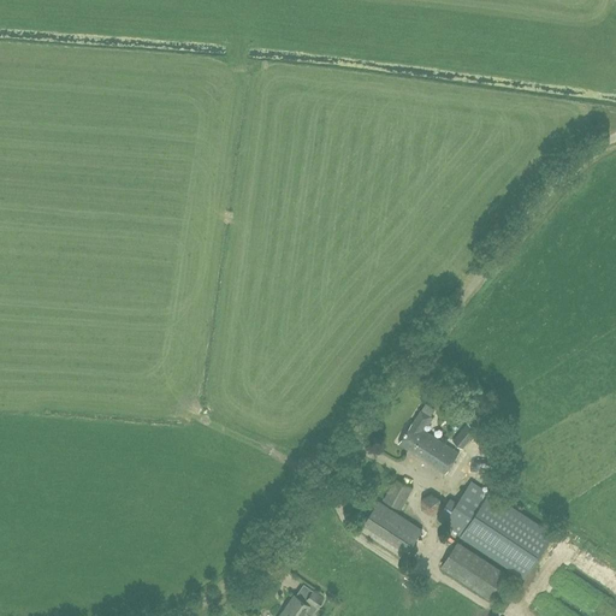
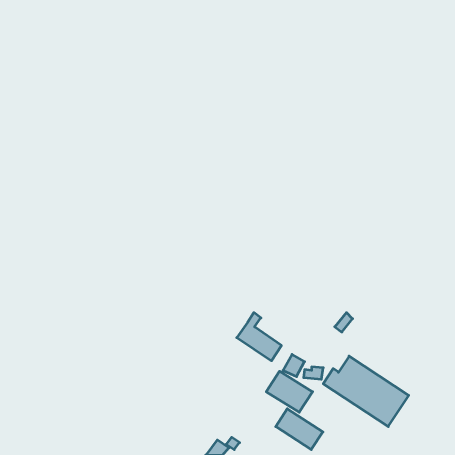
building: [398,409,458,474] -> [237,313,281,361]
building: [442,543,505,598] -> [276,409,323,450]

